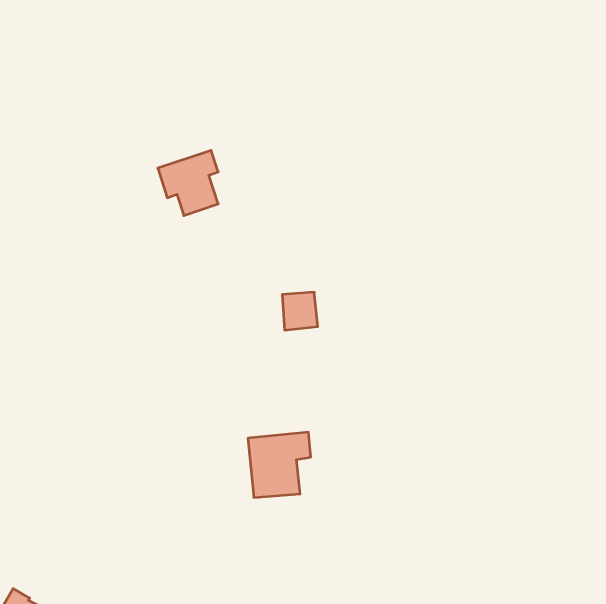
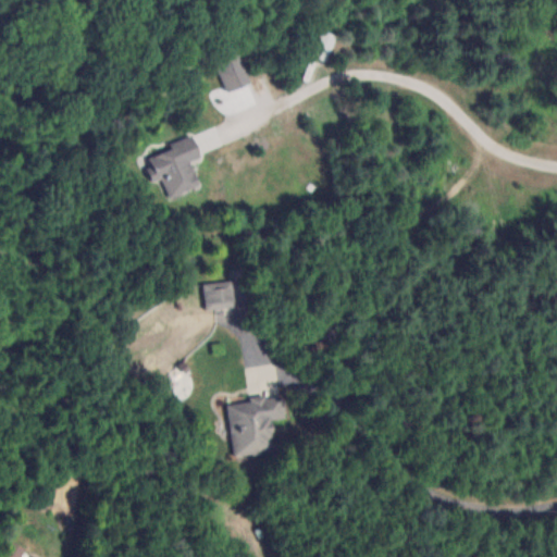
building: none -> [216,55,250,94]
building: [282,292,318,330] -> [203,277,236,312]

